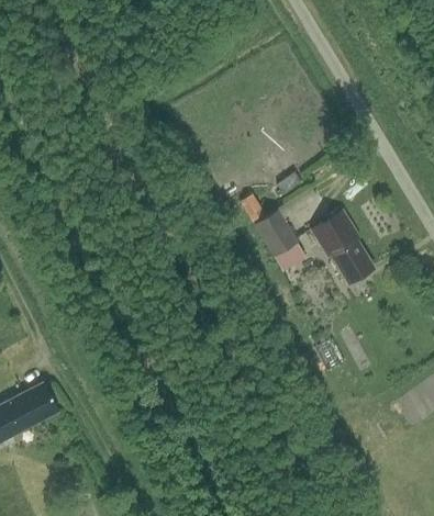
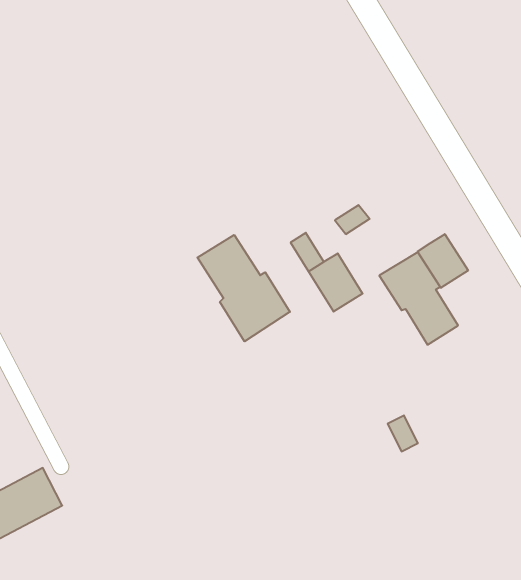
building: none -> [418,234,468,288]
building: none -> [197,235,290,341]

